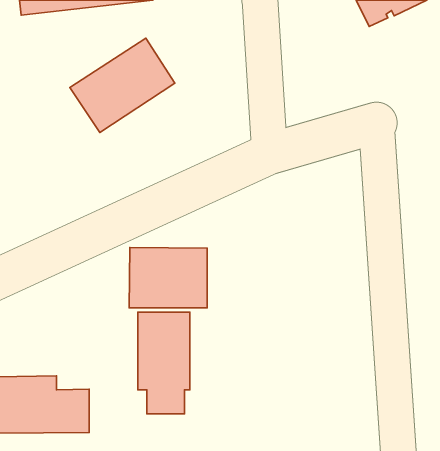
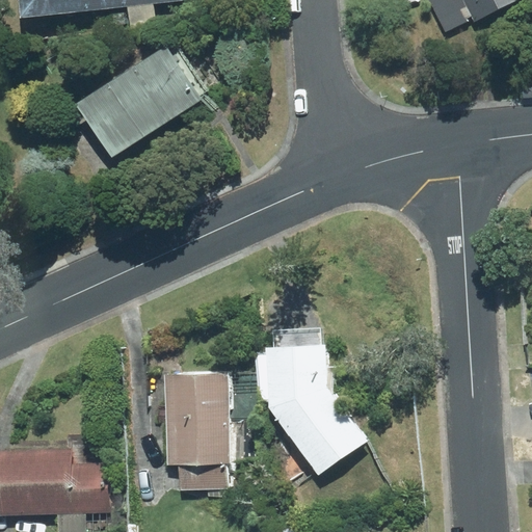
building: [129,248,207,308] -> none
building: none -> [250,341,367,472]

